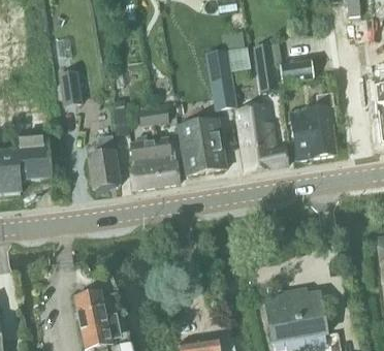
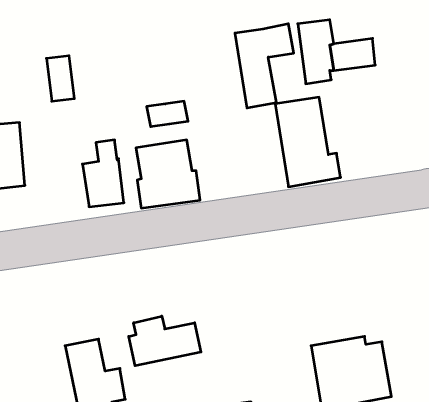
building: [289,105,337,160] -> none
building: [180,118,229,173] -> none
building: none -> [129,316,201,366]

